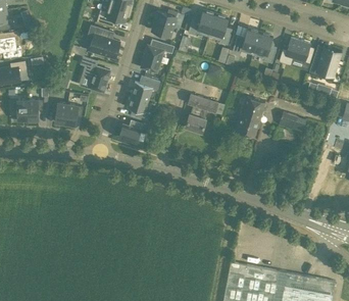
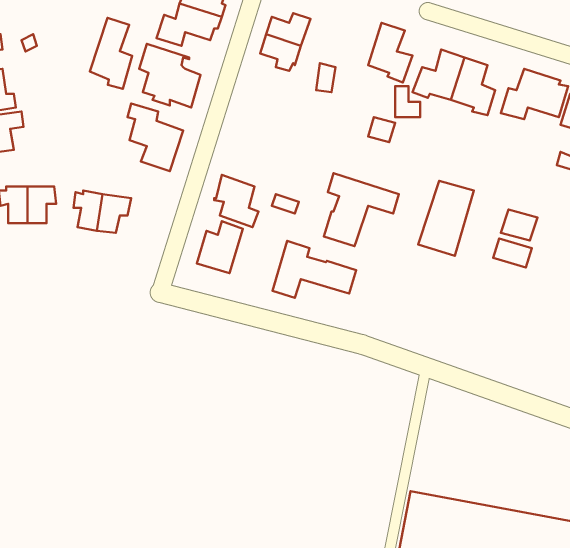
building: [188,9,215,36] -> none
building: none -> [90,18,132,89]
building: [141,41,174,71] -> none
building: [131,76,159,100] -> none
building: none -> [272,241,356,298]

